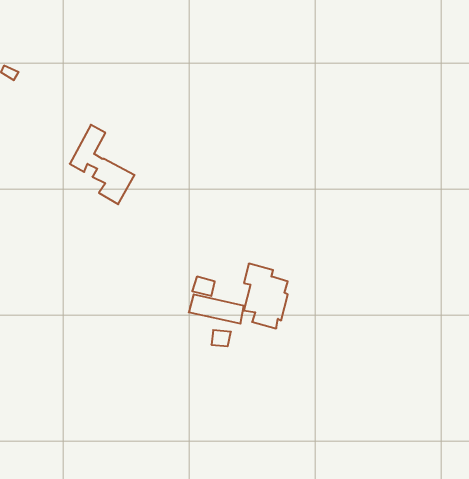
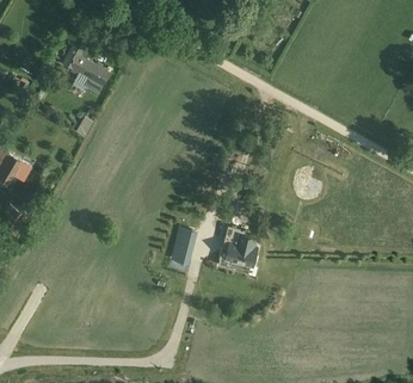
building: [70,125,135,204] -> [63,32,111,91]

